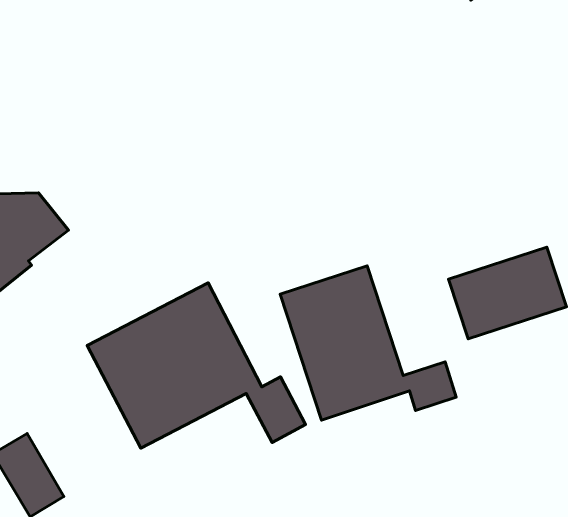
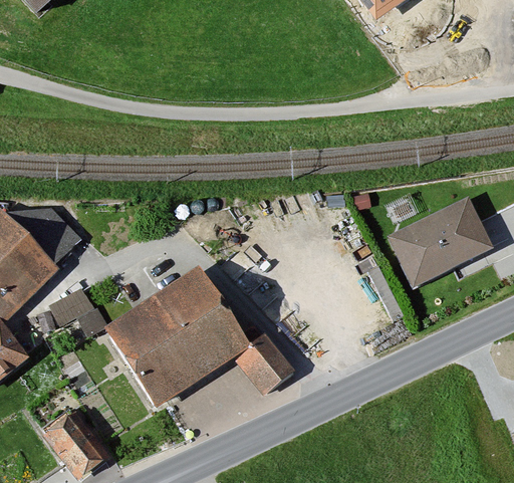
building: [280,266,456,420] -> none
building: none -> [49,288,105,335]

